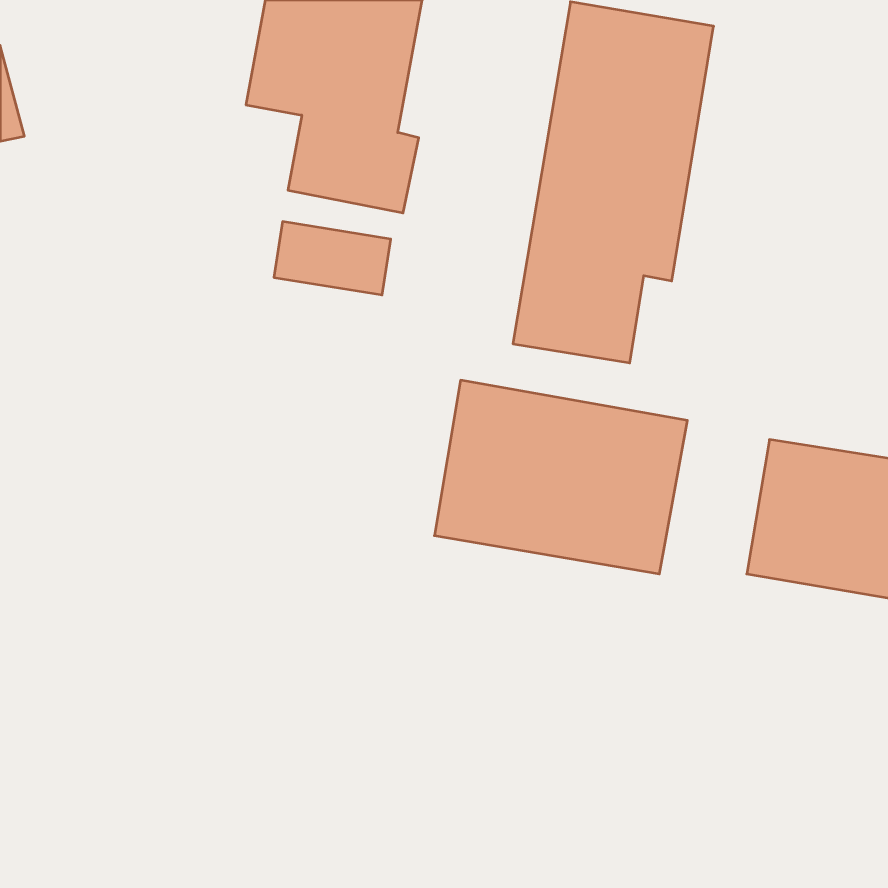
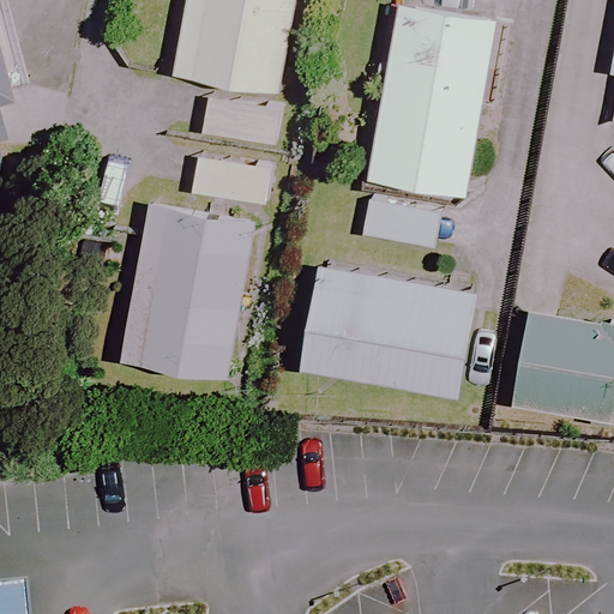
building: none -> [130,204,253,379]

